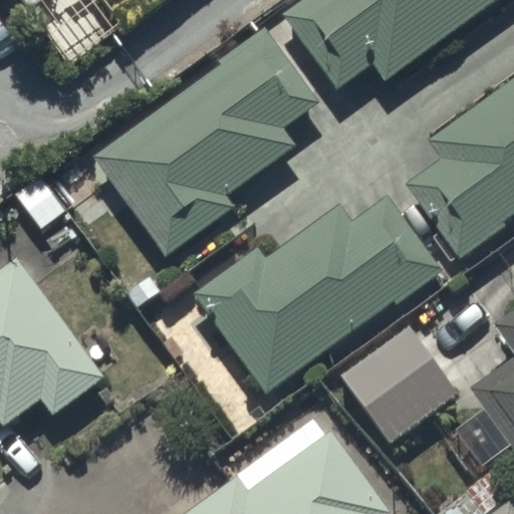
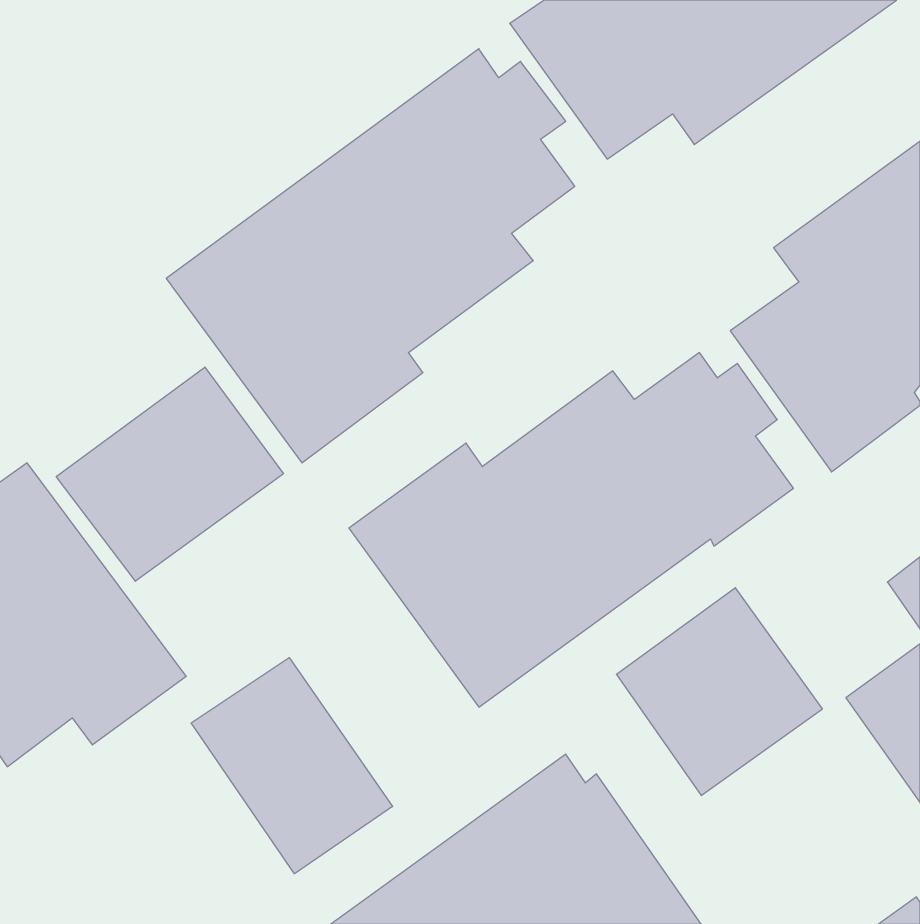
building: none -> [56,367,283,581]
building: none -> [191,658,393,874]

